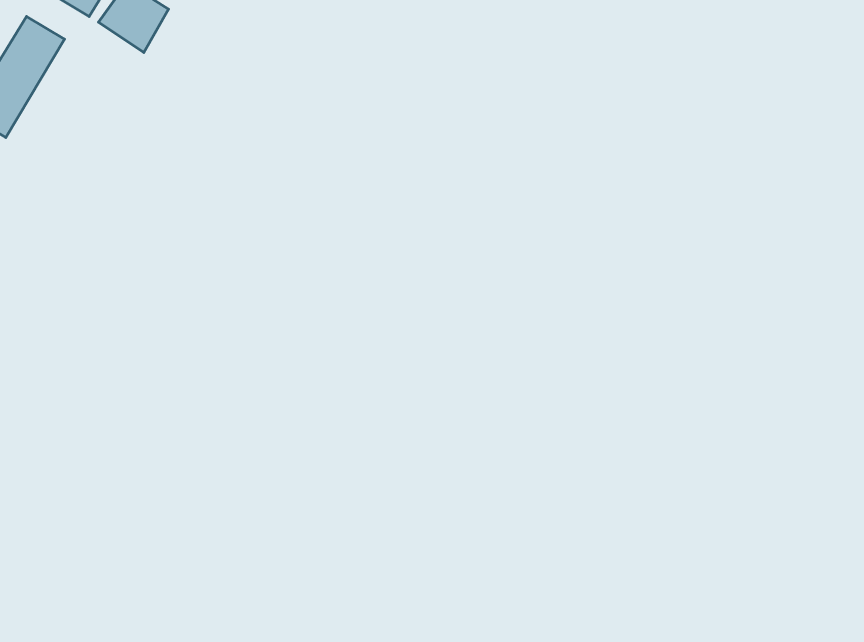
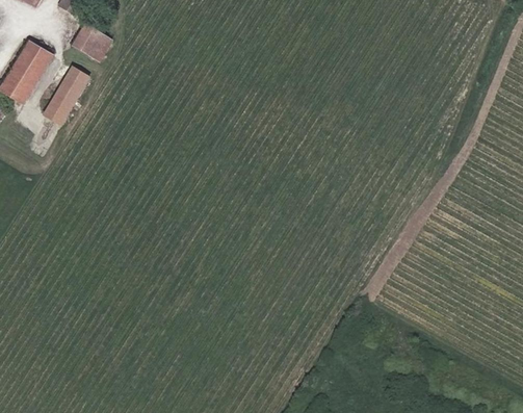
building: none -> [44,68,89,123]

